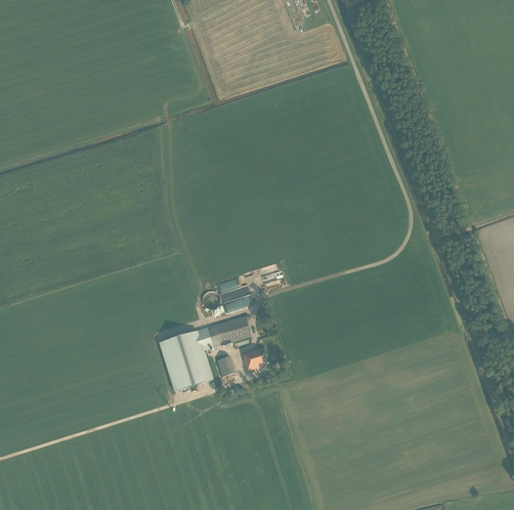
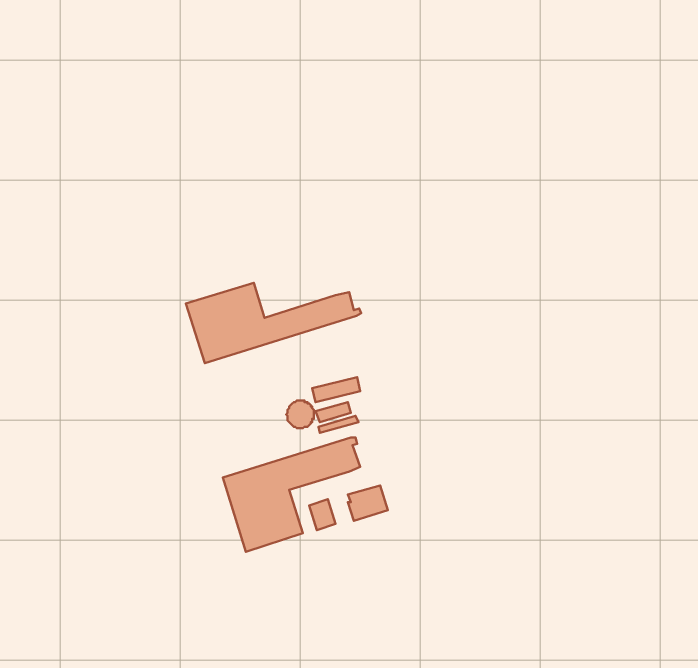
building: none -> [186,283,361,363]

